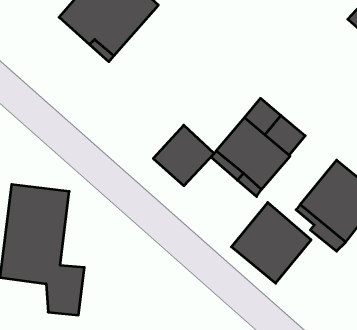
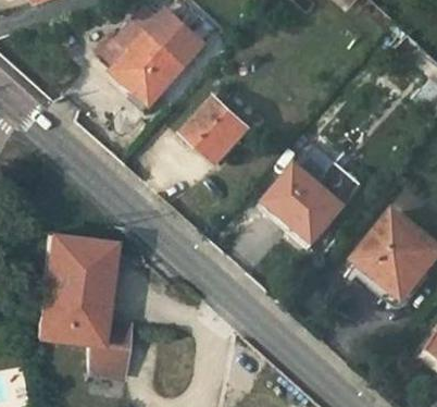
building: [153,125,214,186] -> [184,96,249,161]
building: [231,202,311,283] -> none

